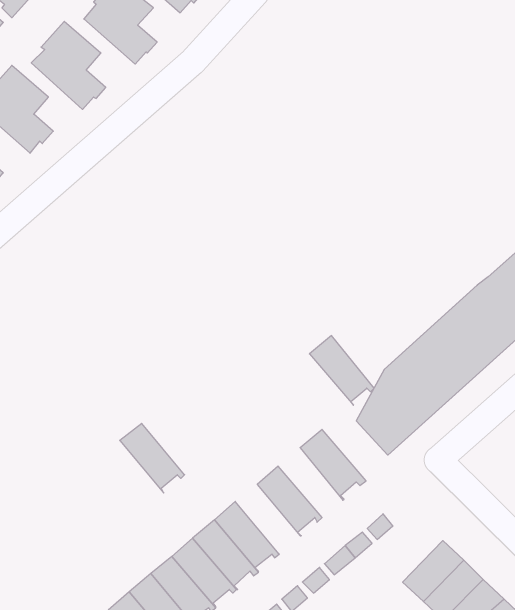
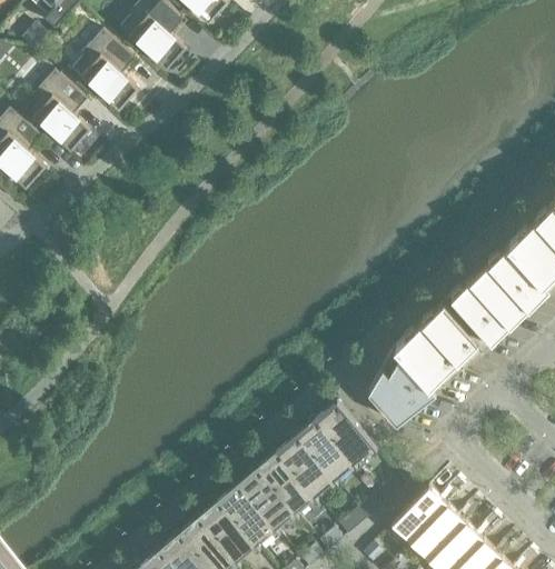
building: [309,336,374,405] -> [297,420,356,483]
building: [120,423,185,493] -> [258,453,317,517]
building: none -> [393,487,447,542]

